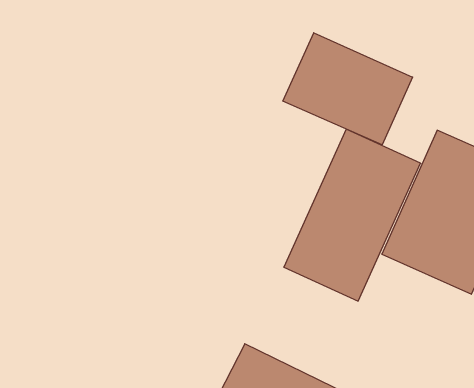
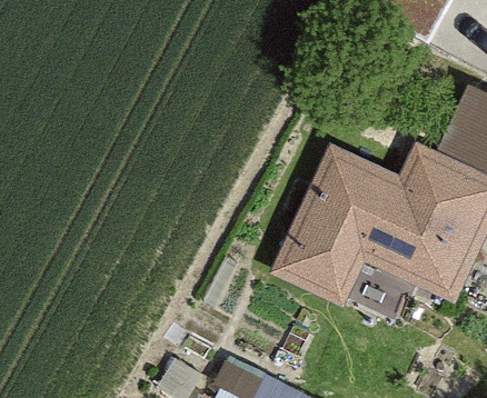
building: [283,33,413,145] -> none

